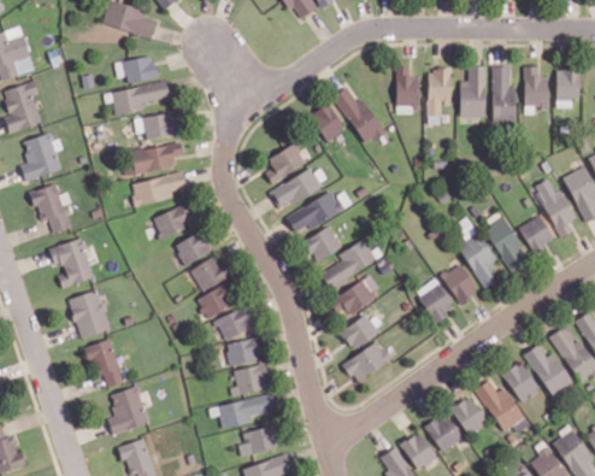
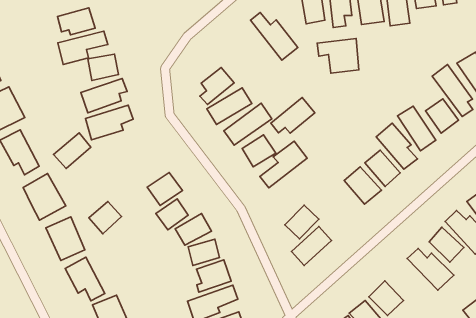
building: [311,104,346,141] -> none
building: none -> [317,39,359,73]
building: [151,202,194,241] -> [54,133,91,169]
building: [173,230,211,266] -> [89,201,121,234]
building: [330,276,382,315] -> [271,98,315,133]
building: [450,396,487,435] -> none

